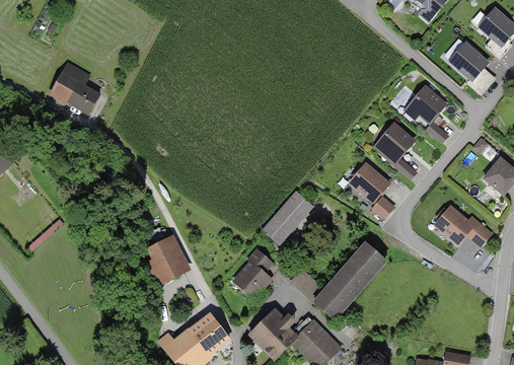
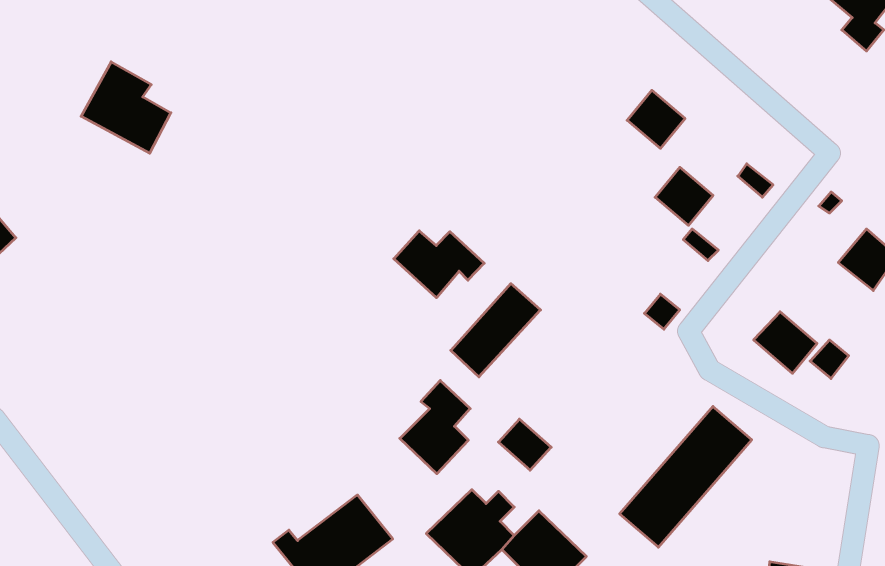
building: [451,44,493,93] -> none
building: [411,87,444,121] -> [627,90,685,148]
building: none -> [394,231,484,298]
building: [351,163,388,201] -> none
building: [143,235,189,287] -> none
building: [312,240,388,321] -> [620,406,752,547]

